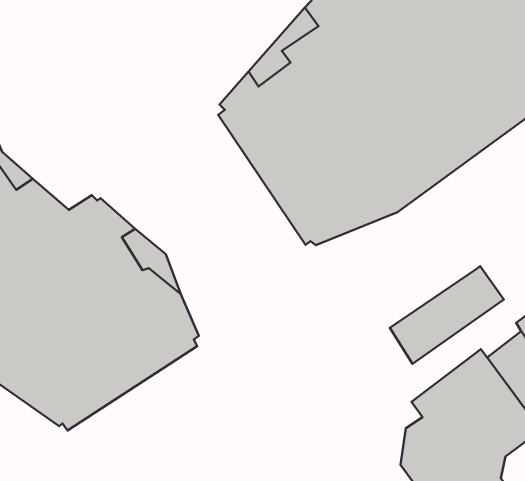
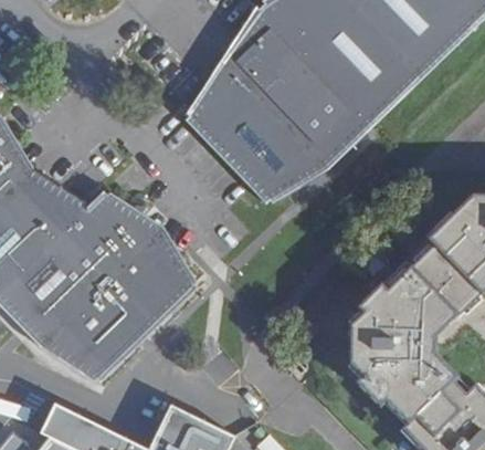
building: [390,266,504,364] -> none

